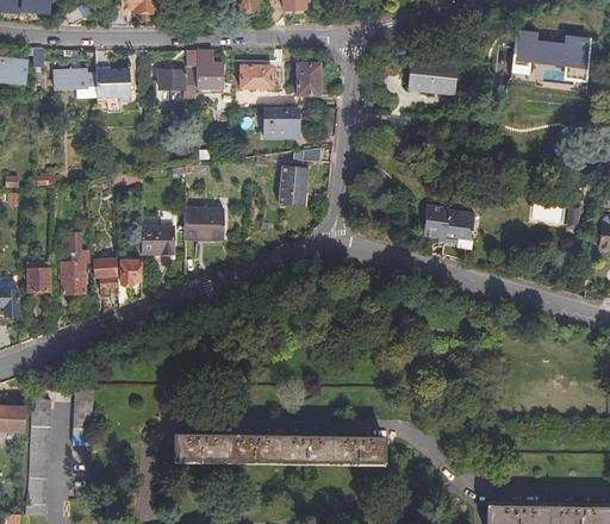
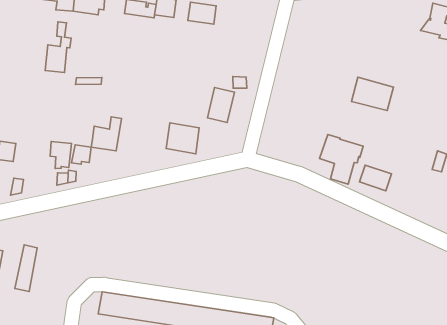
building: [409,60,458,95] -> [351,77,393,111]
building: [297,63,318,95] -> none
building: [262,107,298,137] -> none
building: [186,208,223,242] -> [166,123,199,154]
building: [61,232,88,294] -> [45,22,71,72]
building: none -> [360,165,391,191]

